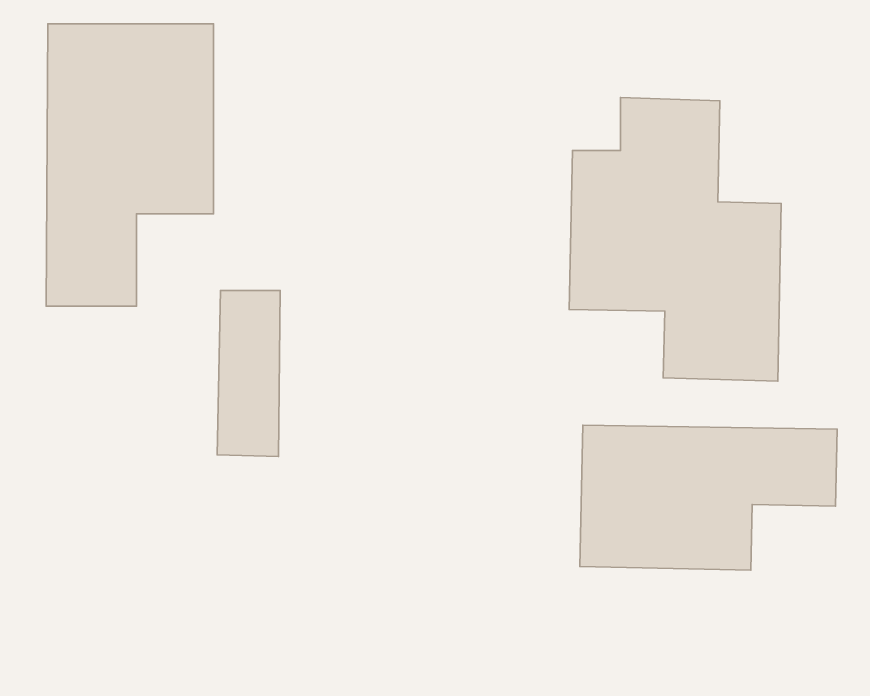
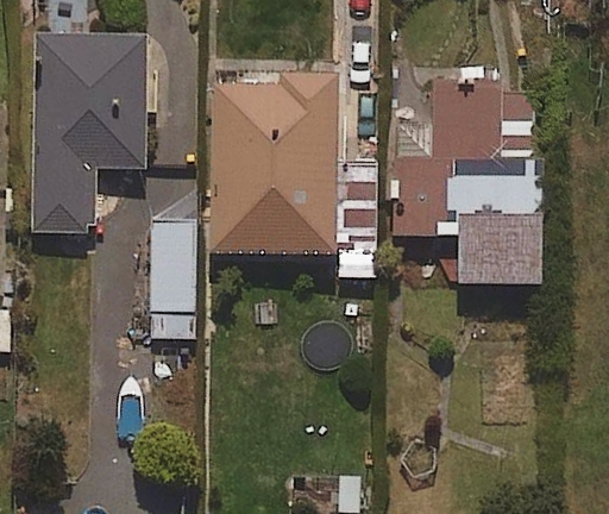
building: none -> [212,80,338,253]
building: [580,425,837,570] -> none

